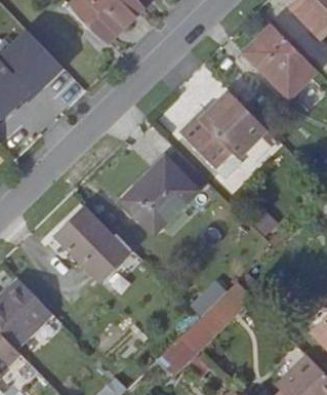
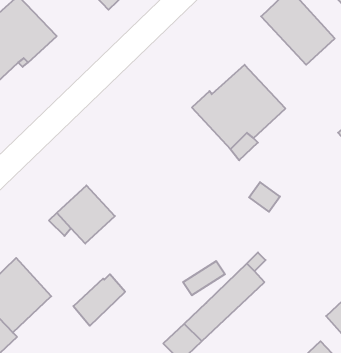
building: [126,156,199,229] -> none
building: [86,233,134,281] -> [73,274,125,326]

